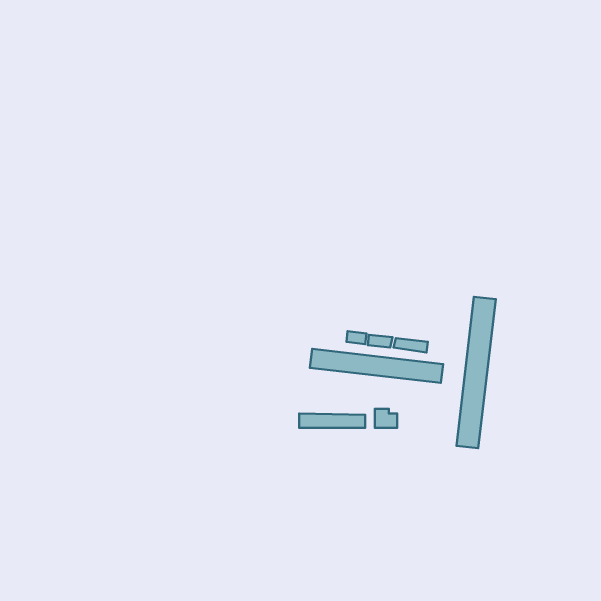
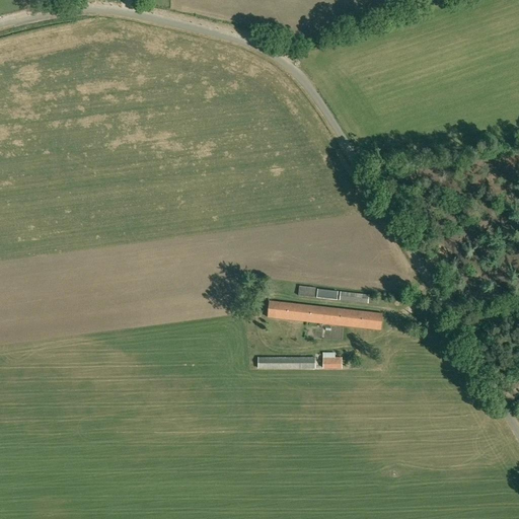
building: [456,297,496,448] -> none

